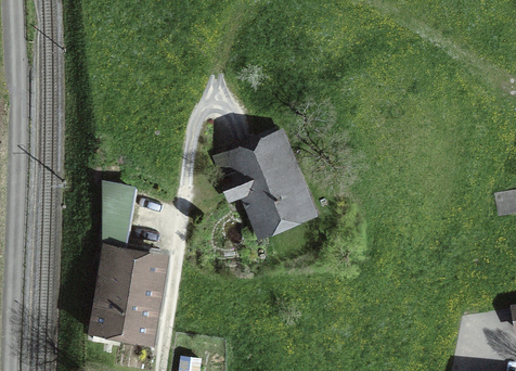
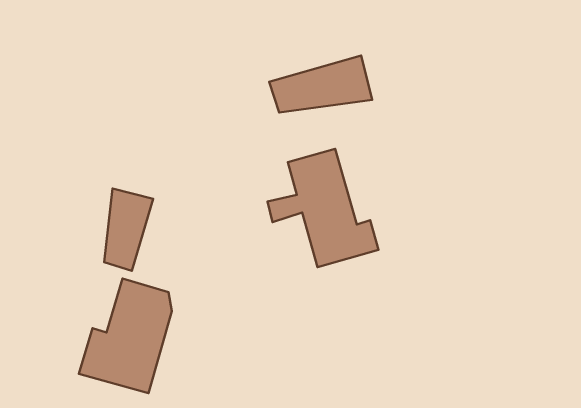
building: none -> [269,55,372,112]

